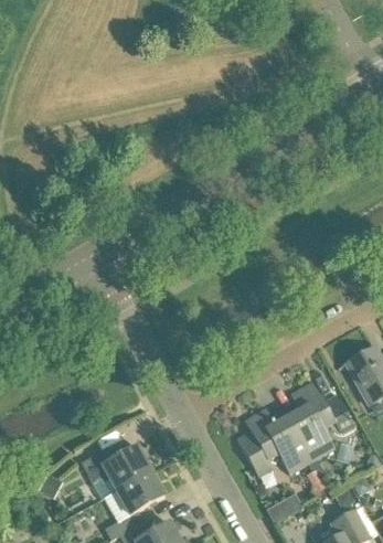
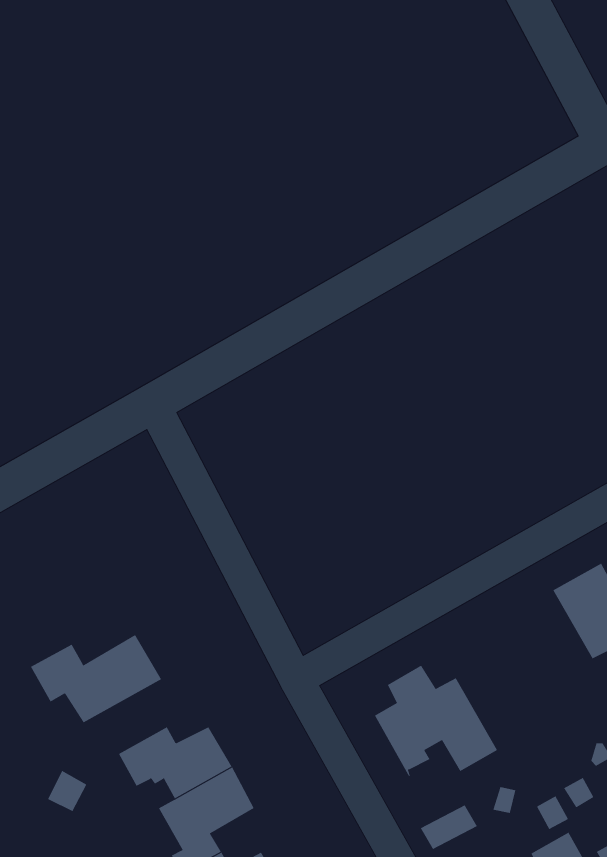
building: [287,382,355,460] -> none
building: none -> [30,634,162,723]

